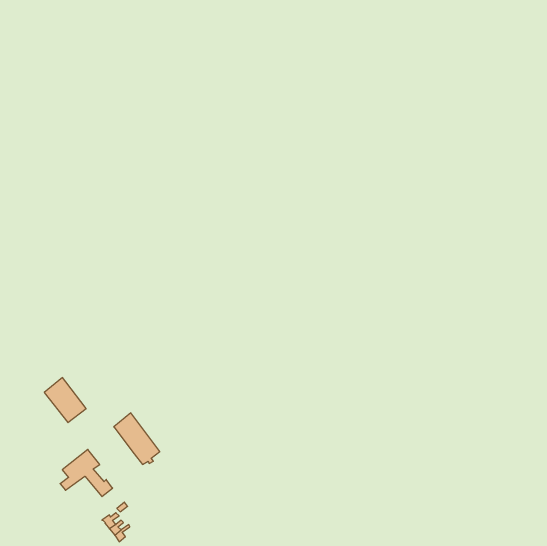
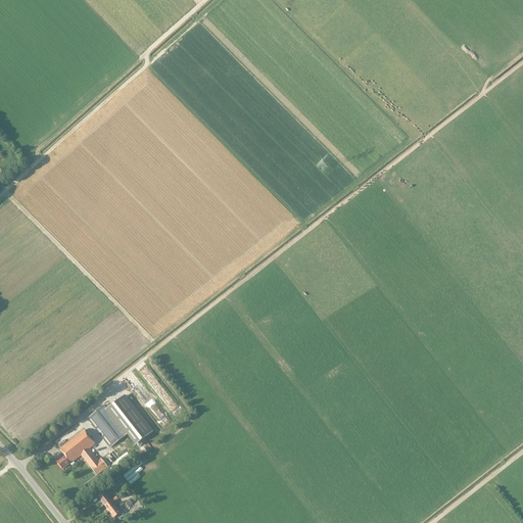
building: [44,378,86,423] -> [89,402,129,445]

